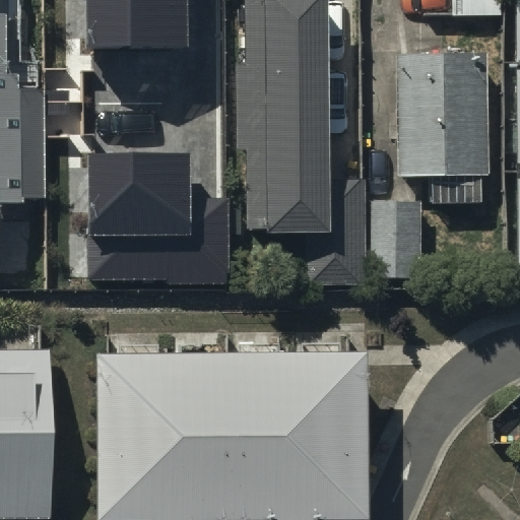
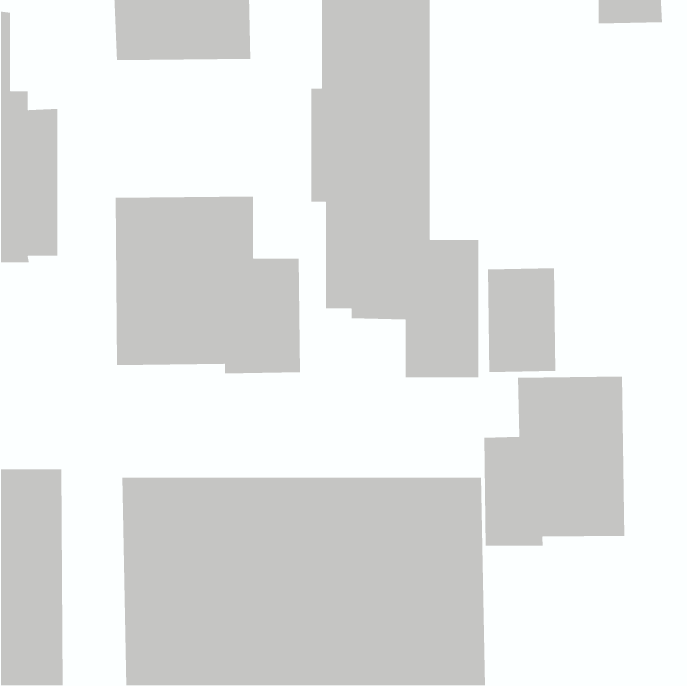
building: [396,56,490,205] -> none
building: none -> [484,376,625,547]

